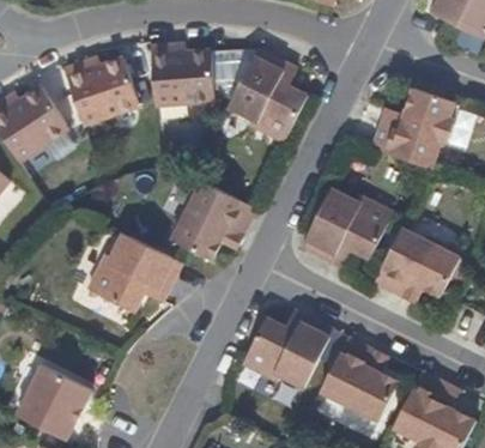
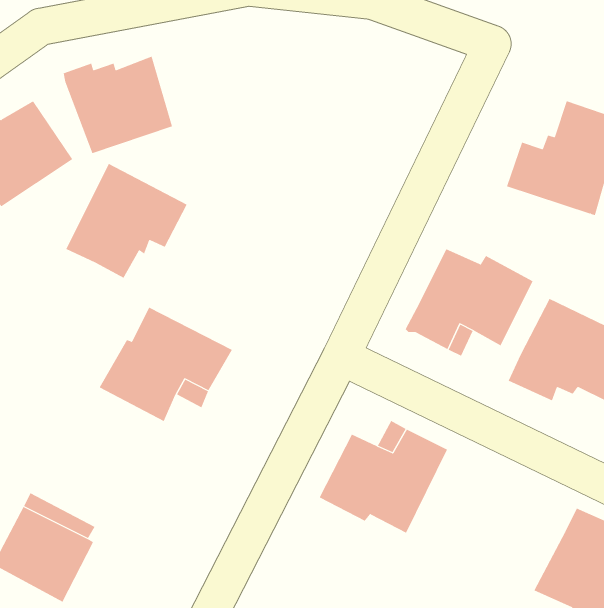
building: [151,44,214,105] -> none
building: [229,48,308,143] -> none
building: [169,180,254,260] -> [66,163,188,278]
building: [317,339,398,424] -> none

